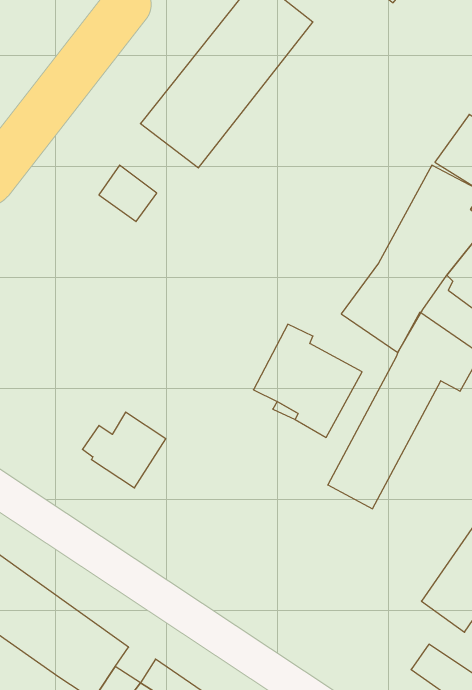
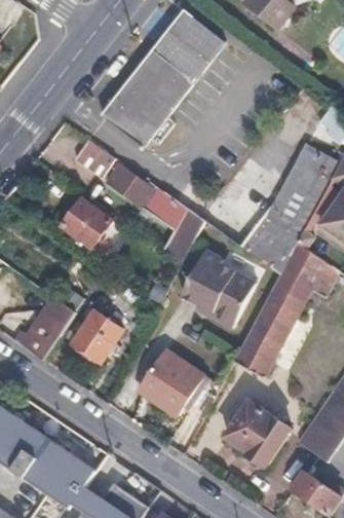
building: none -> [106,164,203,260]
building: none -> [61,198,112,247]
building: none -> [15,296,74,360]
building: none -> [139,348,209,414]
building: none -> [224,401,291,475]

